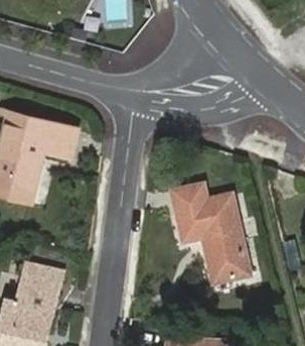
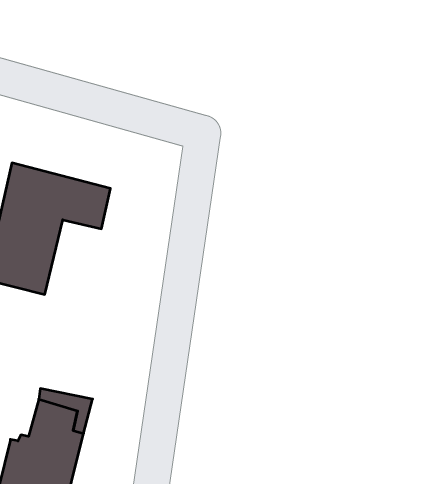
building: [168,183,245,279] -> none

